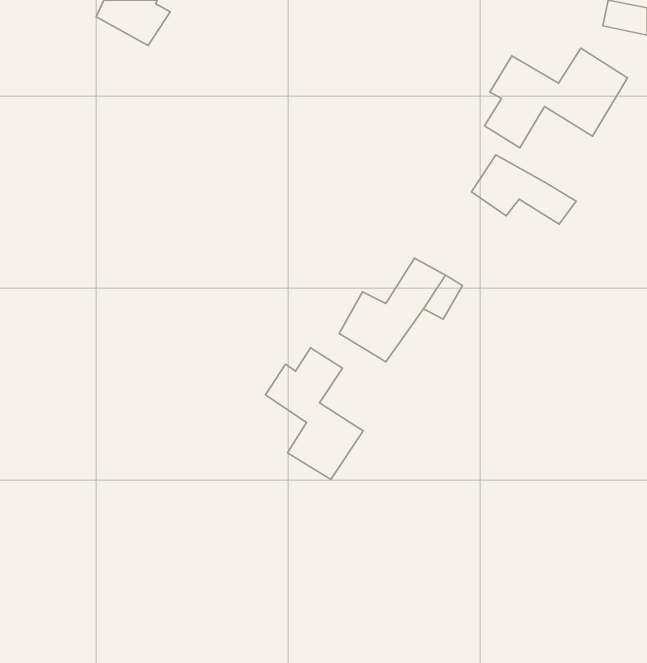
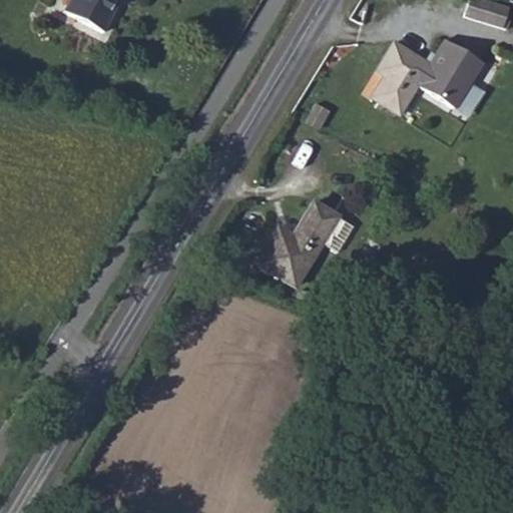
building: [472,155,576,224] -> none
building: [266,348,363,480] -> none

